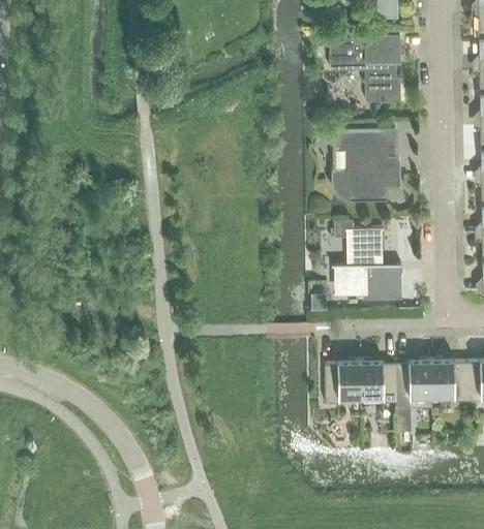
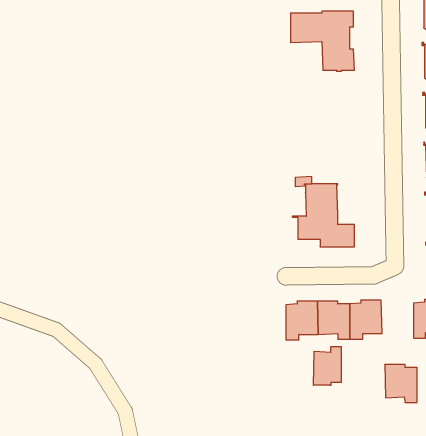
building: [332,130,400,201] -> none
building: [431,361,467,403] -> [385,365,417,402]
building: none -> [313,347,341,385]

